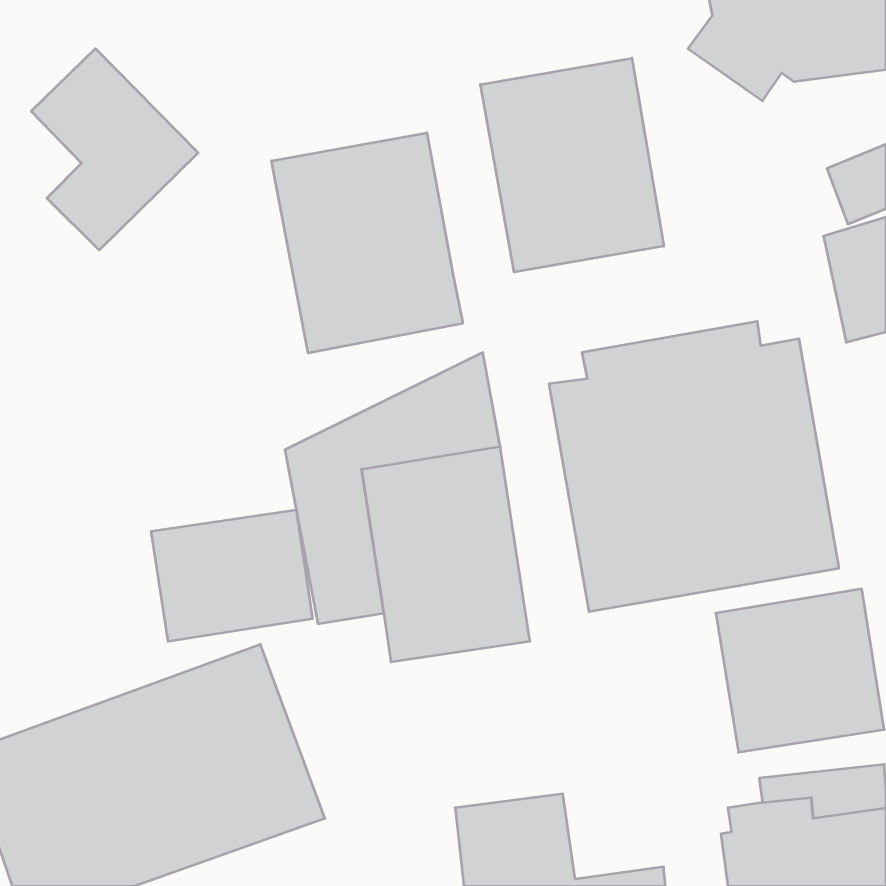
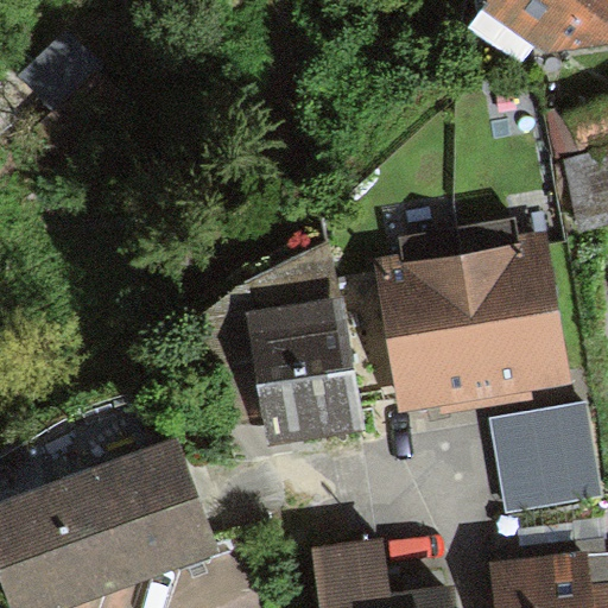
building: [480,58,664,272] -> none
building: [272,133,463,353] -> none
building: [151,510,313,641] -> none

